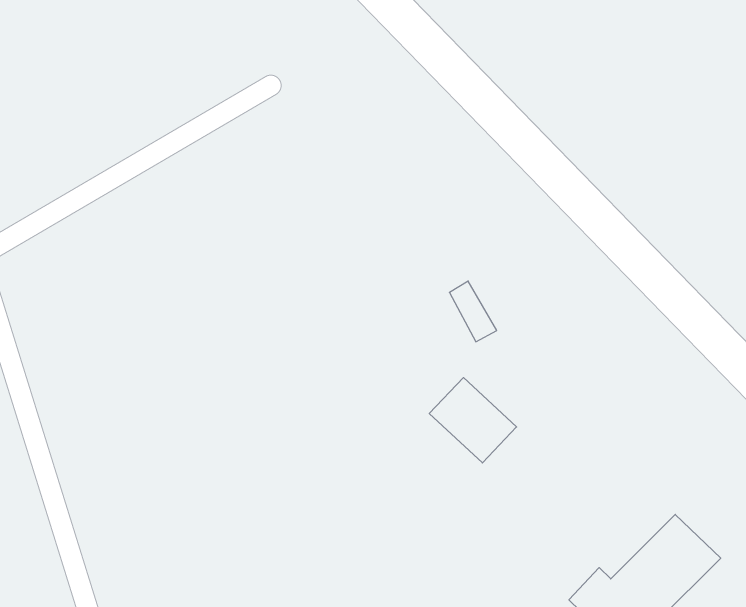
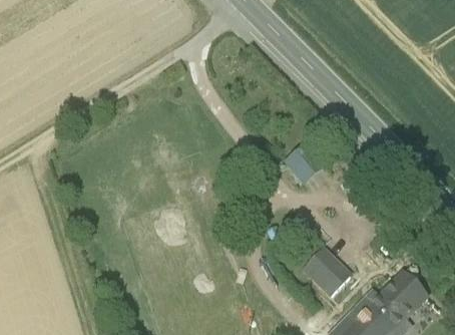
building: [429,378,517,463] -> [305,249,351,294]

